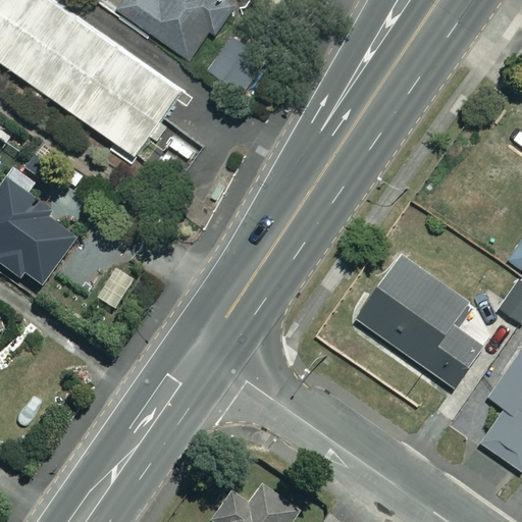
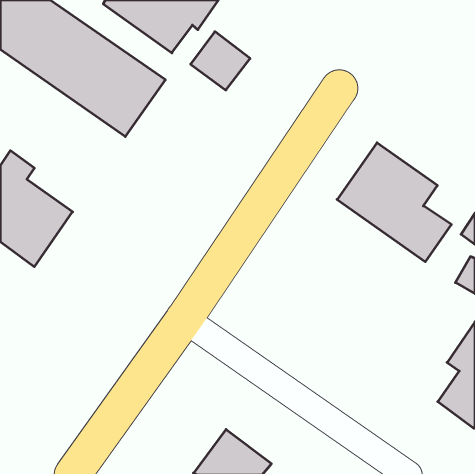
building: [356,256,481,386] -> [337,143,451,262]

